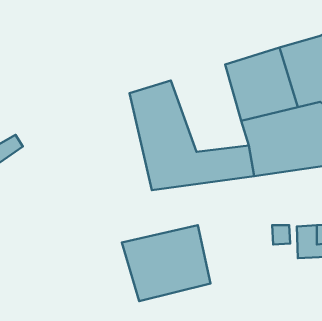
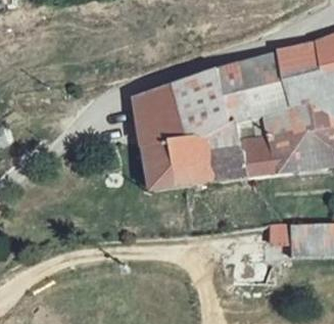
building: none -> [172,70,246,153]
building: [122,225,211,301] -> none

